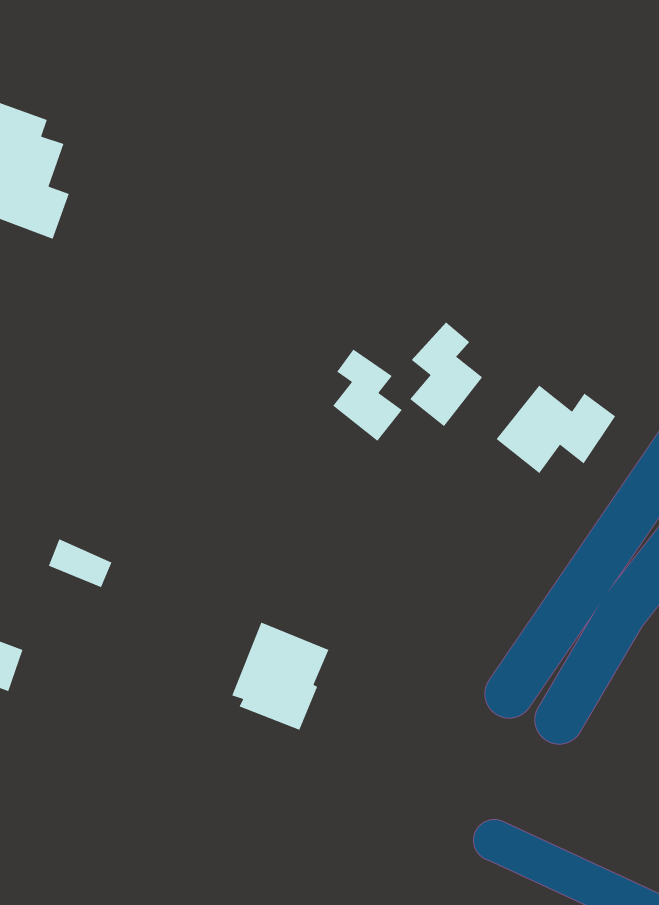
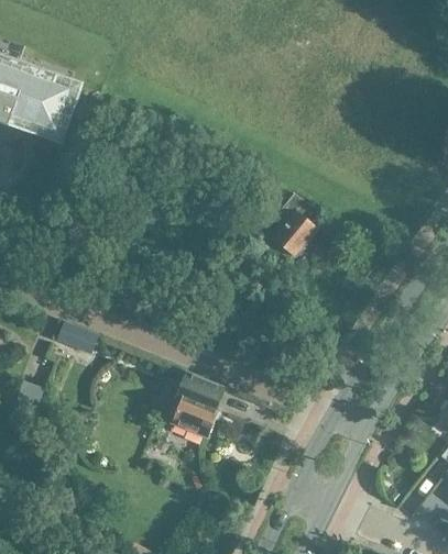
building: [332,349,403,442] -> none
building: [495,385,616,474] -> none

